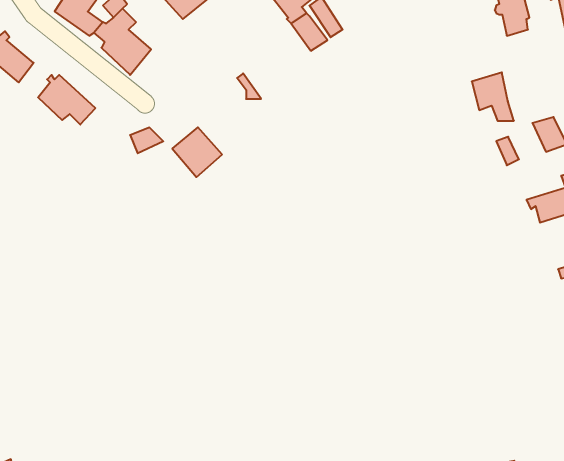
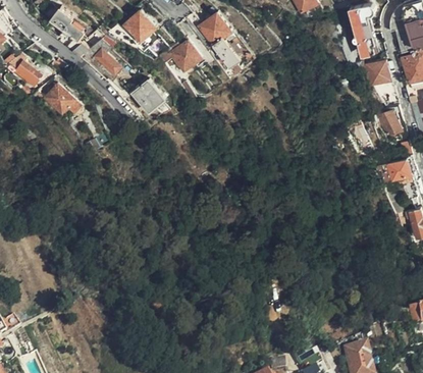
building: none -> [157,41,199,72]
building: [472,72,514,121] -> [365,61,393,94]
building: [172,127,222,177] -> [130,79,164,113]

